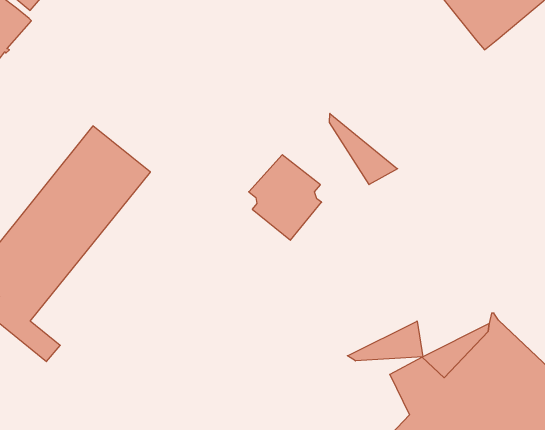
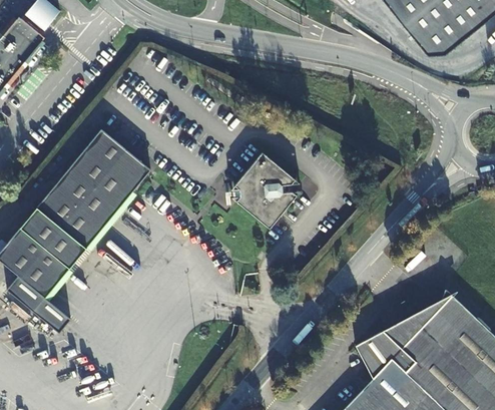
building: [330,113,398,185] -> none
building: [347,321,423,361] -> none

